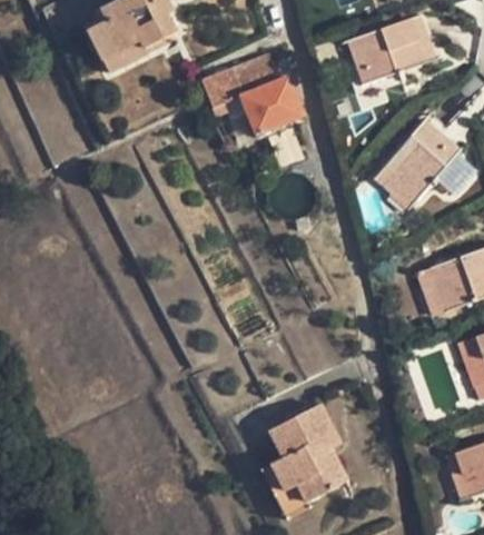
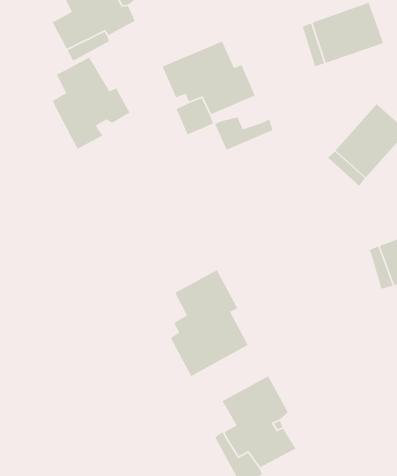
building: none -> [52,56,130,150]
building: none -> [214,117,274,151]
building: none -> [170,269,249,377]

